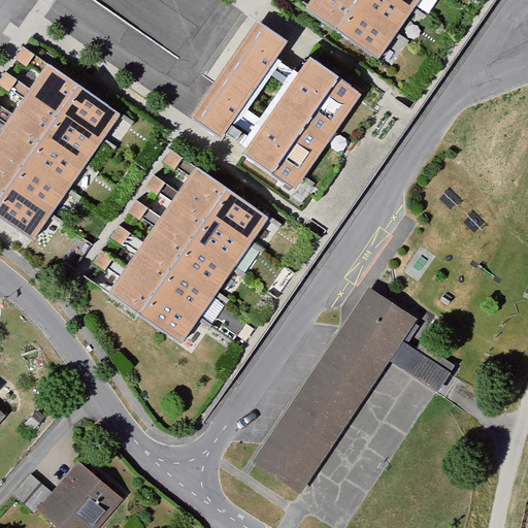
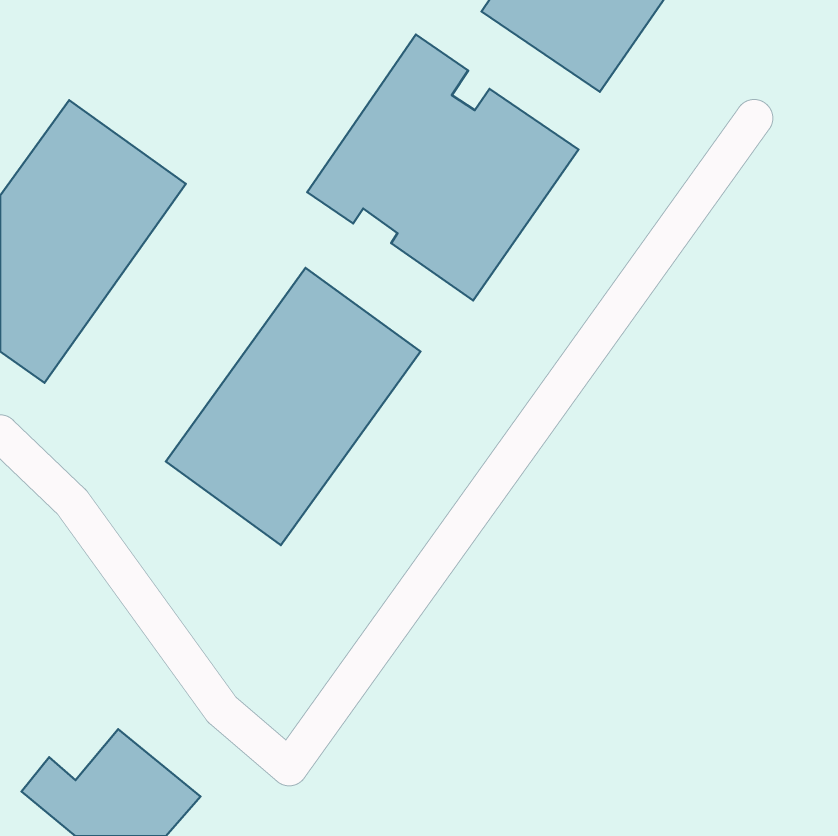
building: [254,287,450,494] -> none

